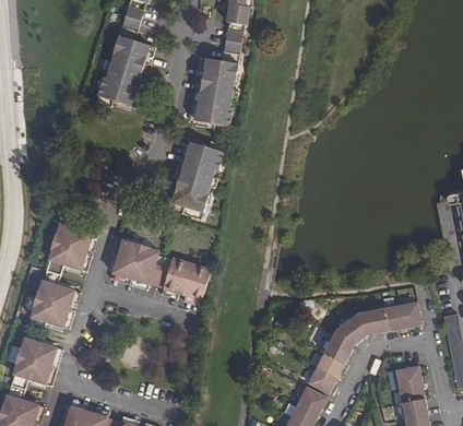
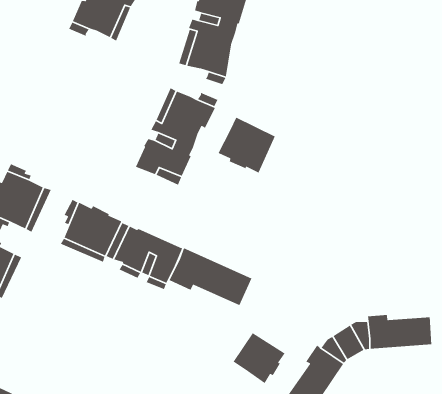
building: none -> [218,117,276,173]
building: none -> [168,247,252,306]
building: none -> [233,332,285,384]

